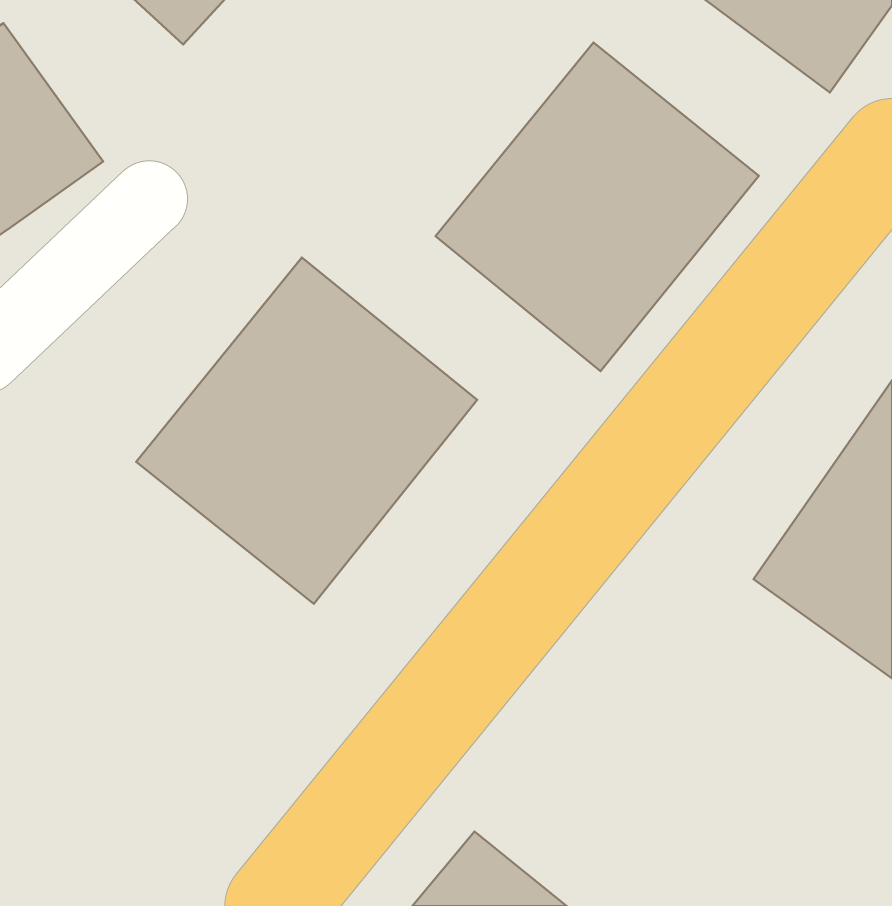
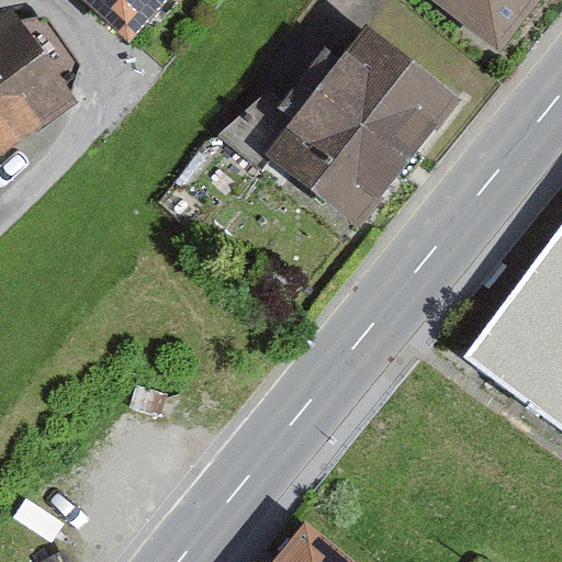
building: [136,257,477,604] -> none

